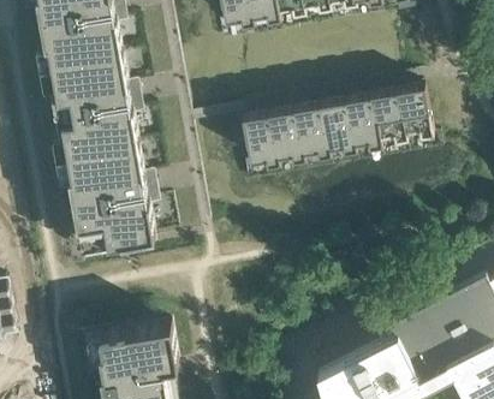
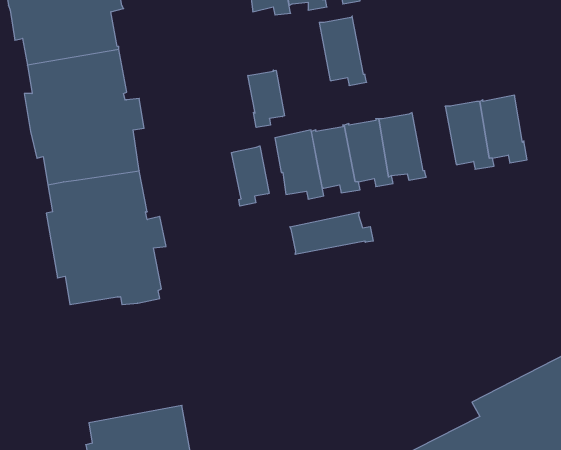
building: none -> [248,70,285,127]
building: [344,96,380,149] -> [319,16,367,85]
building: none -> [231,146,269,206]
building: none -> [290,212,373,254]

